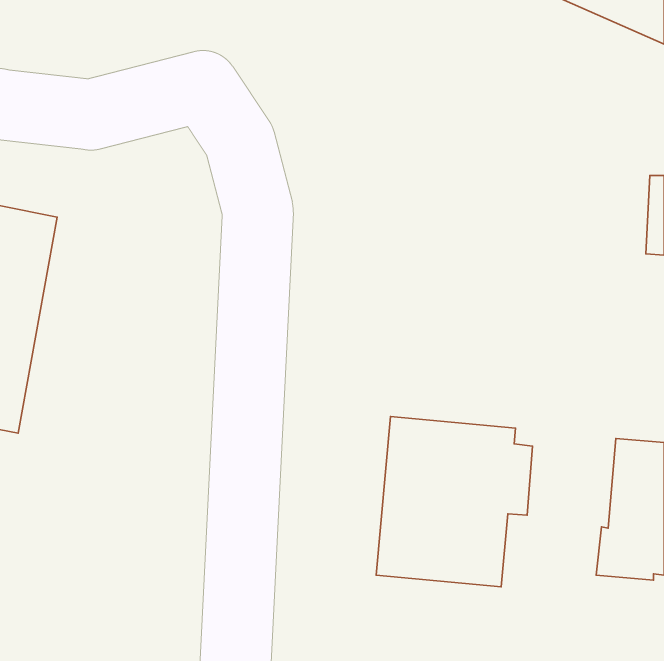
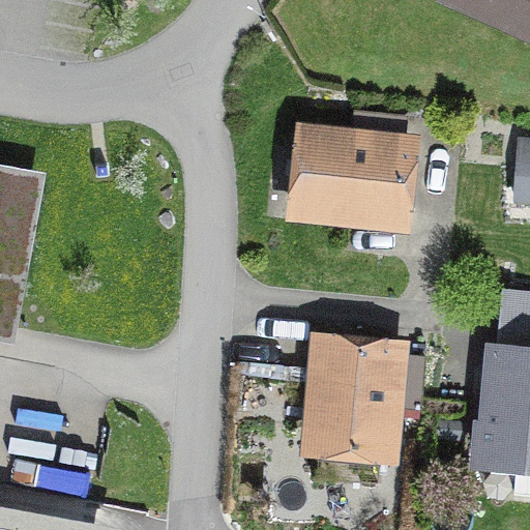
building: none -> [285,107,419,234]

